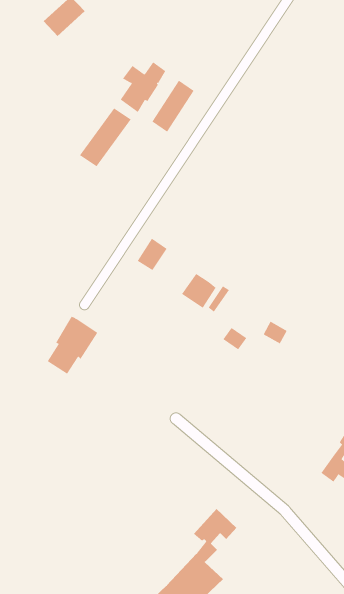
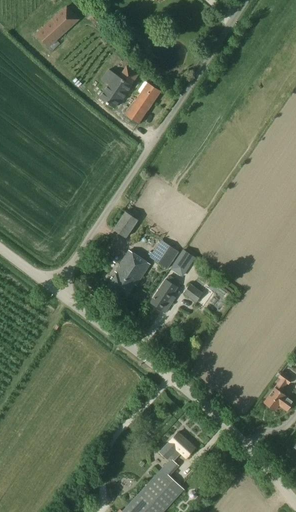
building: [79,107,132,167] -> none
building: [47,316,98,375] -> [108,250,150,298]
building: none -> [150,276,179,312]

